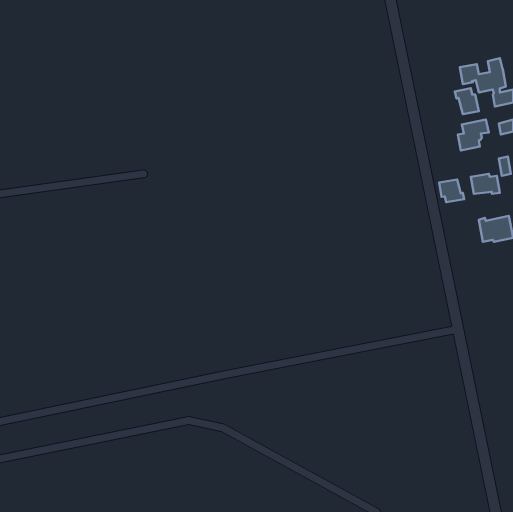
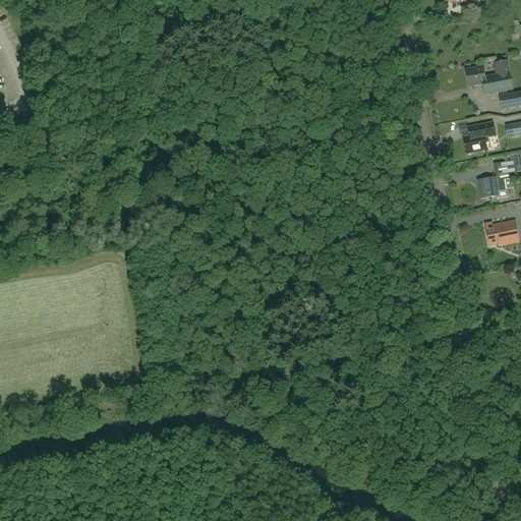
building: [455,88,479,114] -> none
building: [439,180,464,202] -> none

